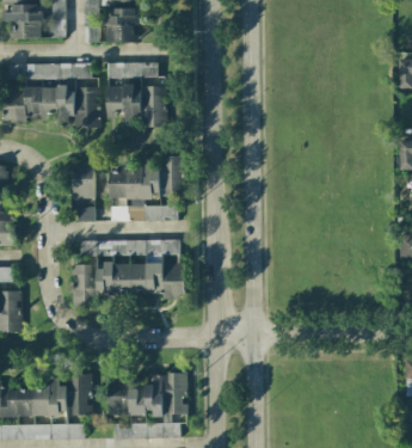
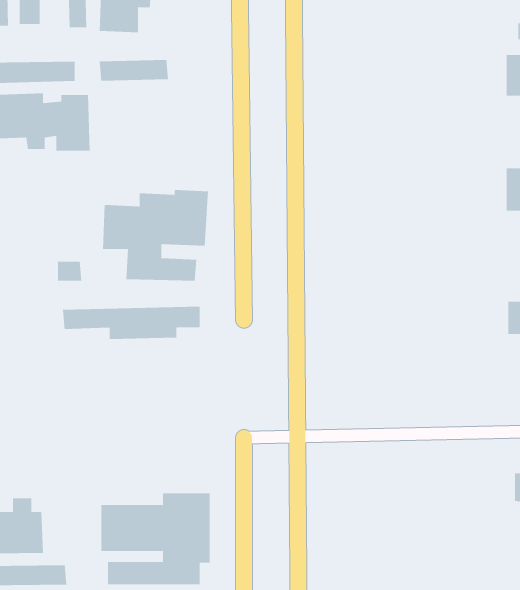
building: [107,85,168,127] -> none
building: [73,162,94,198] -> none
building: [72,262,185,307] -> none
building: [69,373,93,415] -> none

